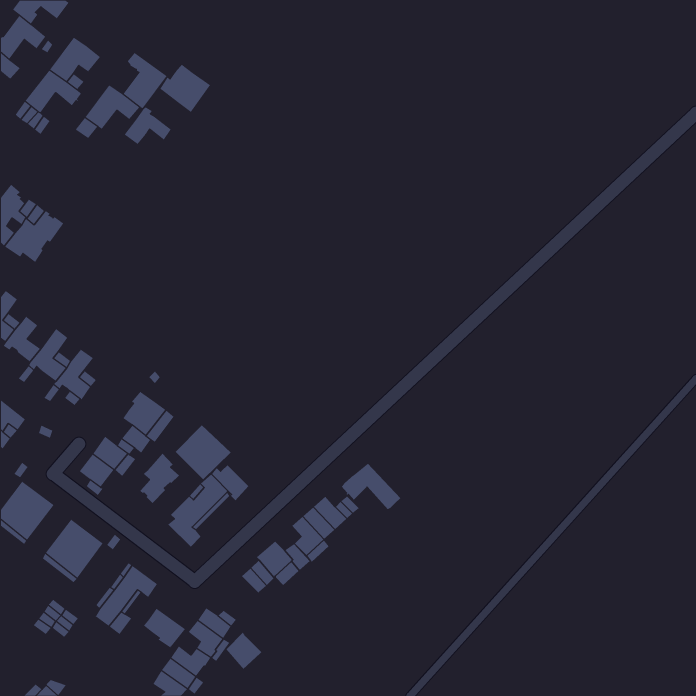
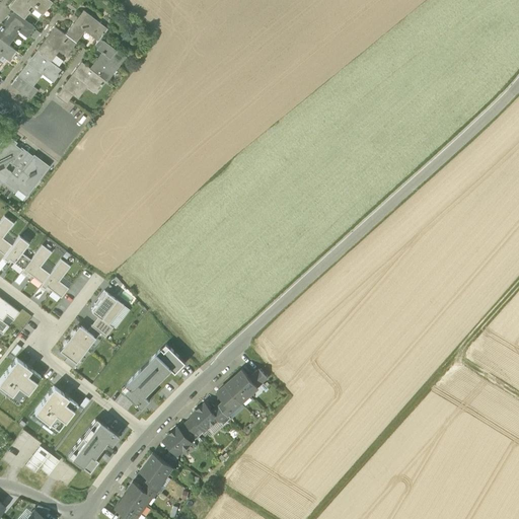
building: none -> [65,10,107,43]
building: [160,64,211,113] -> none
building: [124,106,172,145] -> none
building: [175,424,231,480] -> none
building: [139,453,180,504] -> none
building: [341,463,401,510] -> none
building: [143,608,186,648] -> none
building: [226,632,262,670] -> [164,426,192,454]

